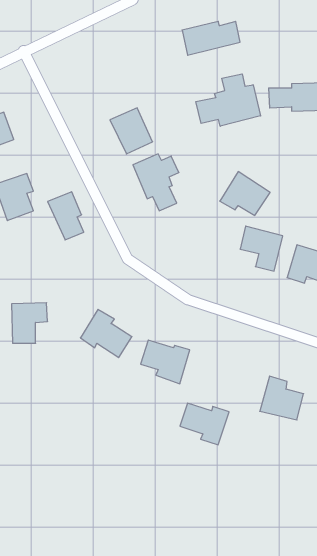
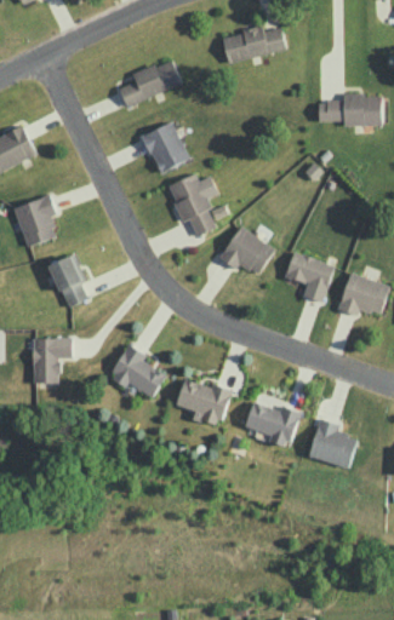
building: none -> [118,59,181,105]
building: [196,74,261,126] -> none
building: [220,172,270,215] -> [218,226,274,275]
building: [48,192,84,240] -> [47,254,87,308]
building: [180,403,229,445] -> [244,402,298,448]

